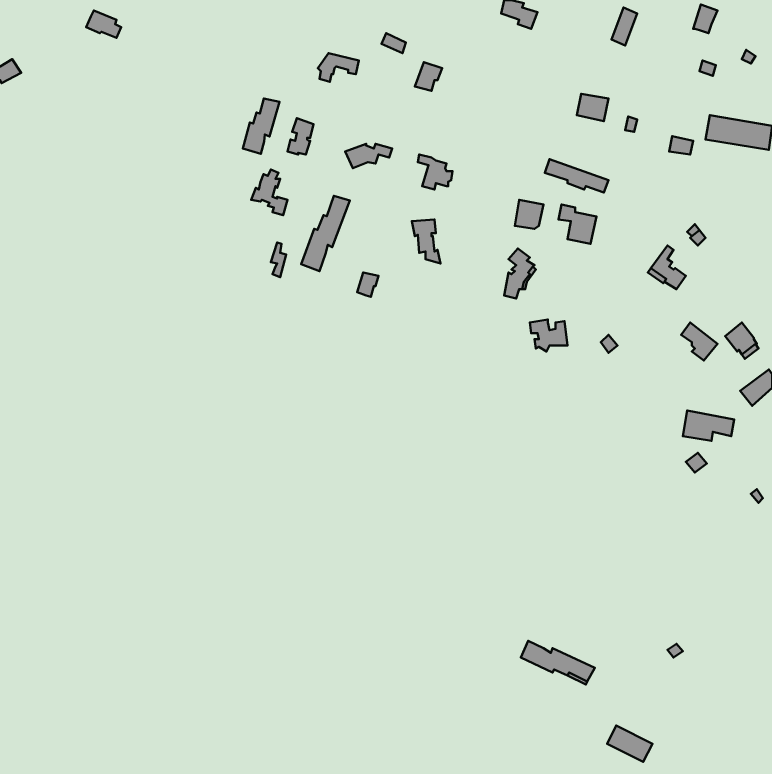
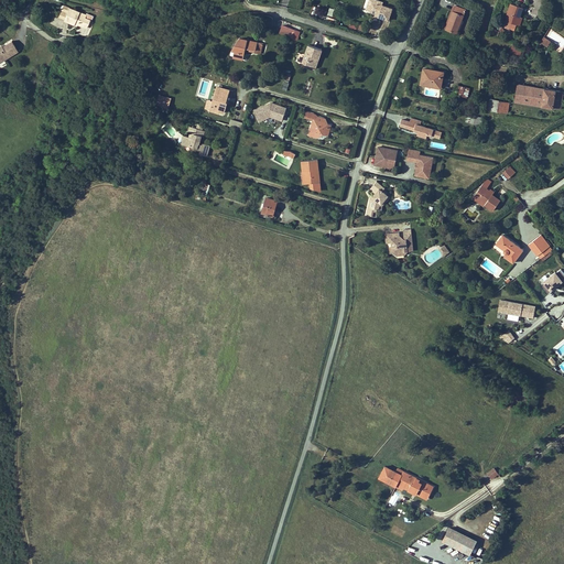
building: [243,98,279,154] -> none
building: [301,196,350,271] -> none

